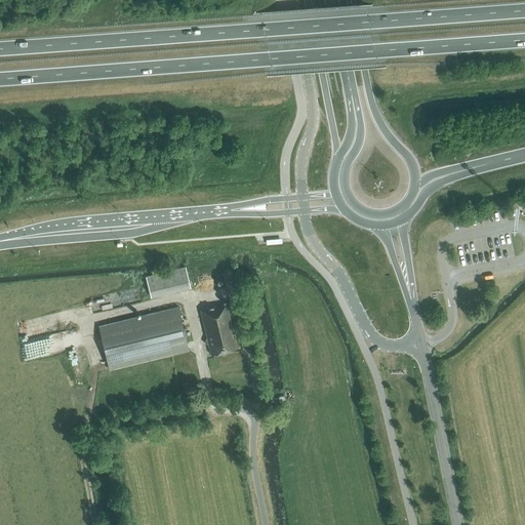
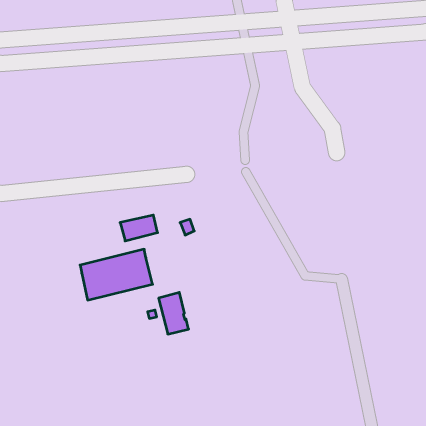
building: [199,304,236,355] -> [159,292,189,334]

